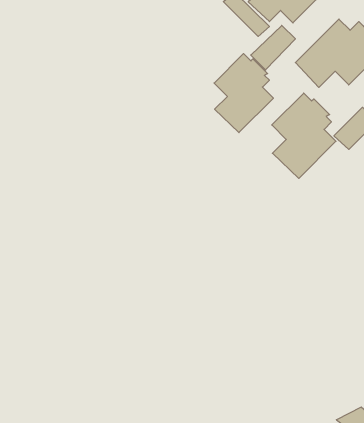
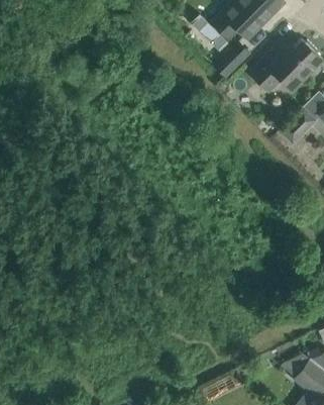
building: [214,54,273,133] -> none
building: [272,93,336,178] -> none

